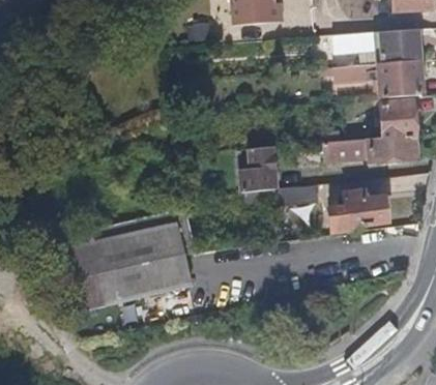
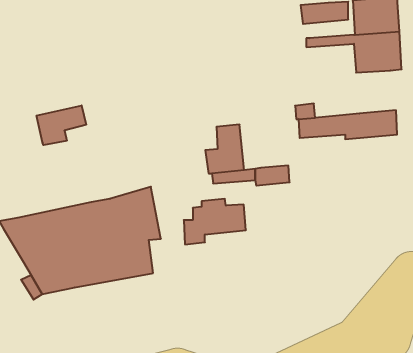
building: [380,102,416,138] -> none
building: none -> [37,105,86,145]
building: [329,192,387,235] -> [184,199,246,244]

